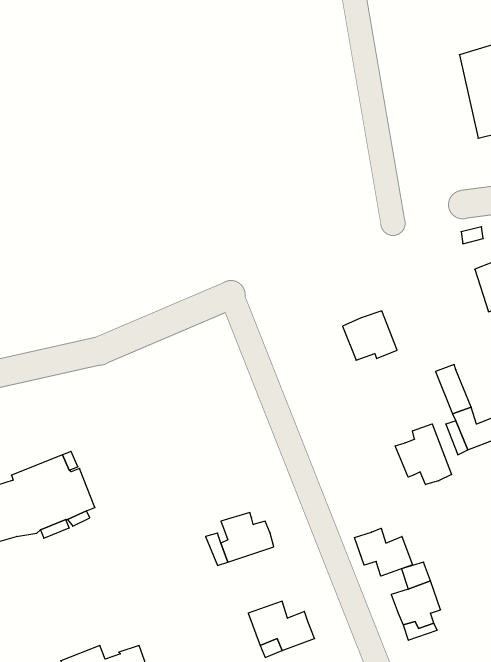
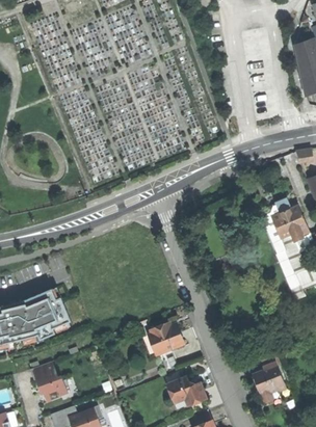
building: [343,311,397,360] -> [271,208,305,238]
building: [395,424,452,485] -> none
building: [354,528,413,576] -> none
building: none -> [30,362,69,401]

